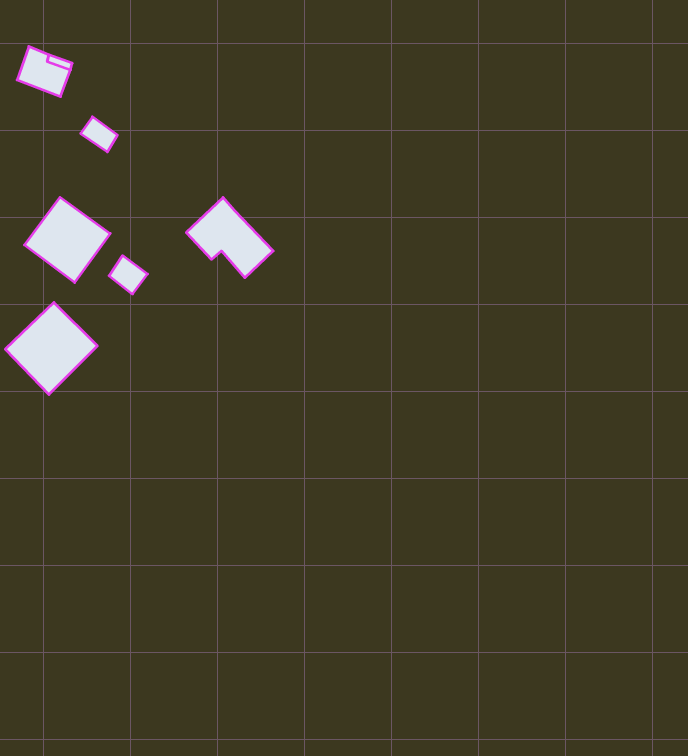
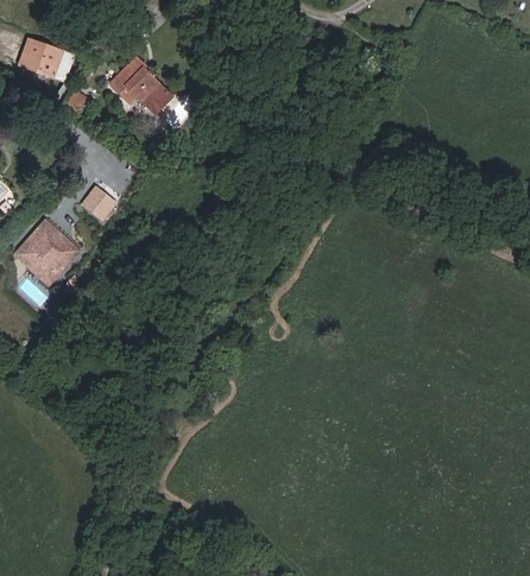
building: [24,197,110,283] -> none
building: [186,197,273,278] -> [112,58,173,115]

